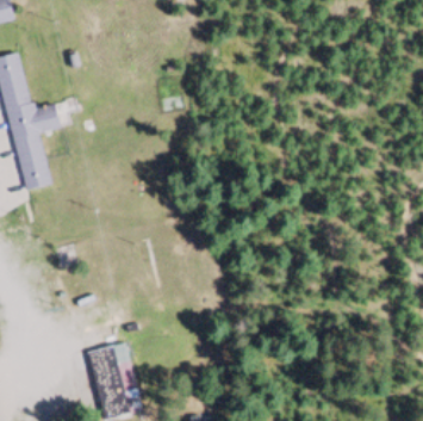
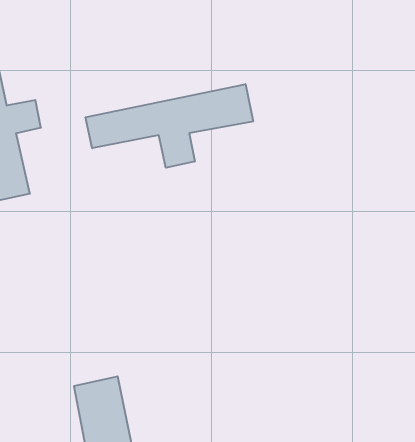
building: none -> [86,84,253,168]

